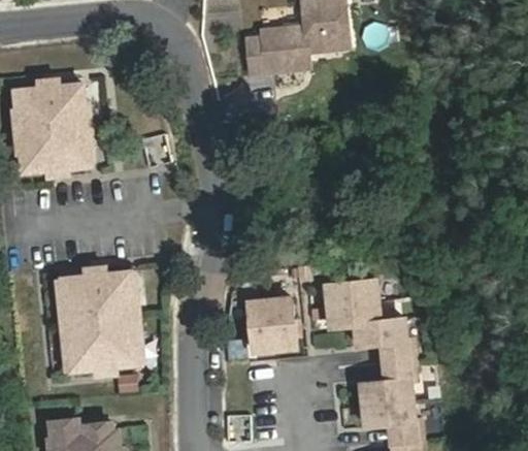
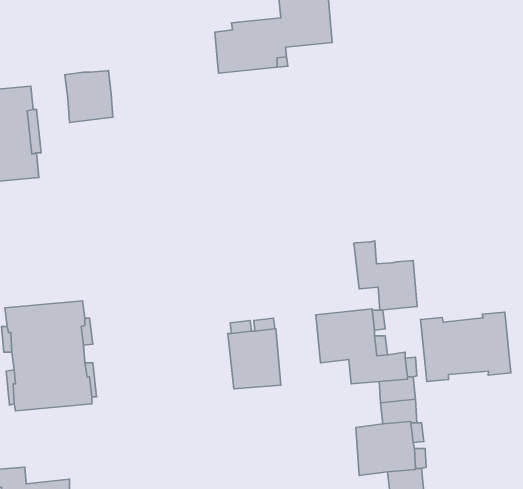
building: none -> [65,71,113,123]
building: none -> [354,241,417,310]
building: none -> [421,312,511,381]

